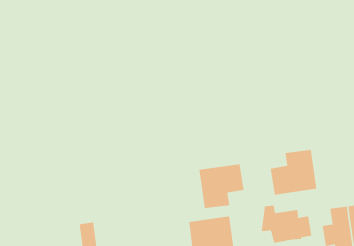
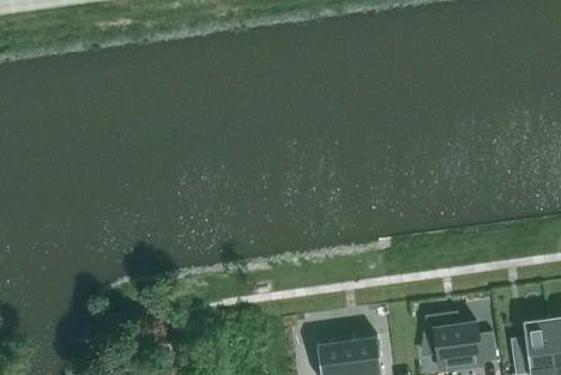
building: [270,149,317,195] -> none
building: [199,164,244,209] -> none

